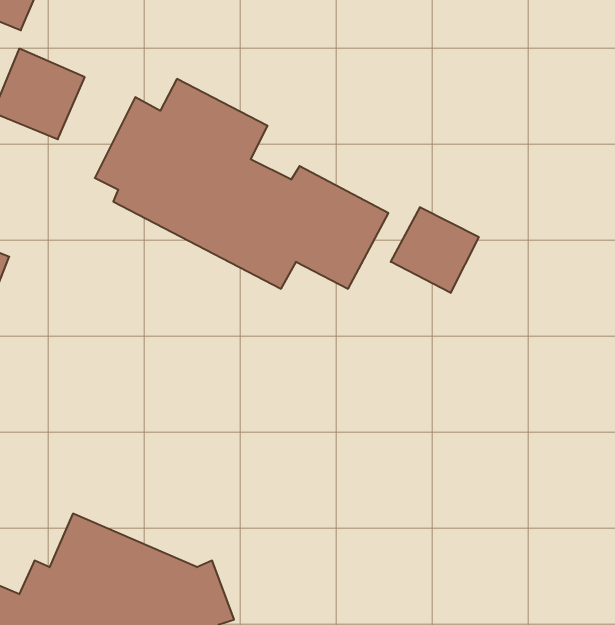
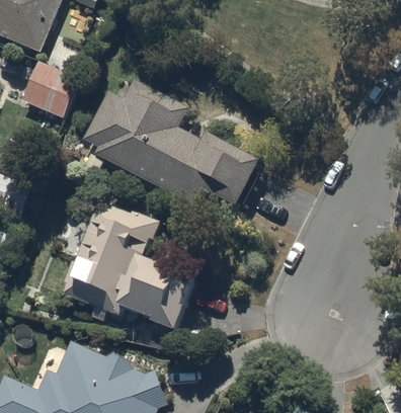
building: [391,207,479,293] -> none
building: none -> [63,202,194,326]

